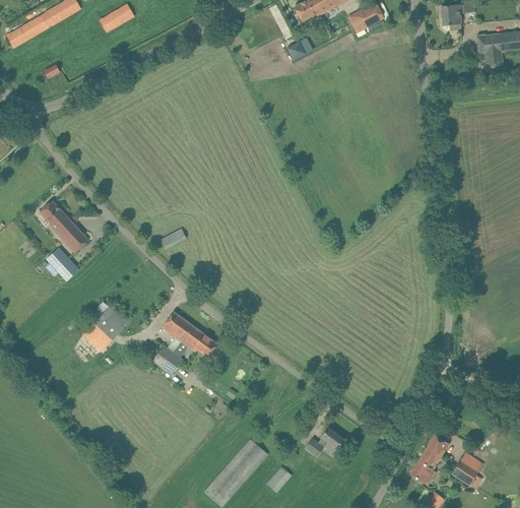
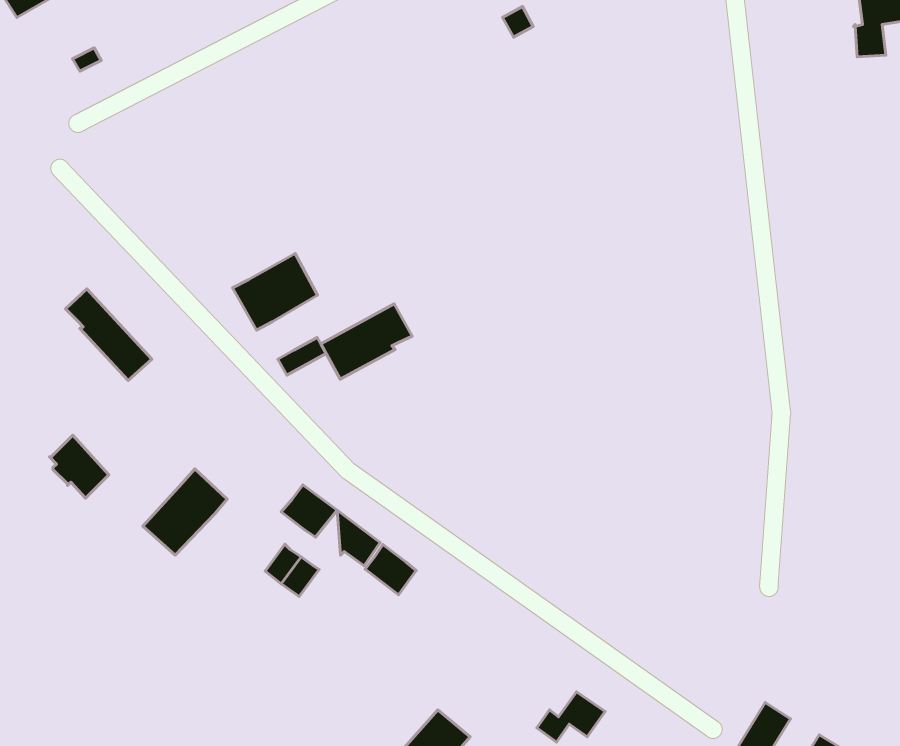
building: none -> [232,254,318,330]
building: none -> [321,304,412,379]
building: [46,246,79,281] -> [49,435,109,498]
building: none -> [365,545,416,595]

